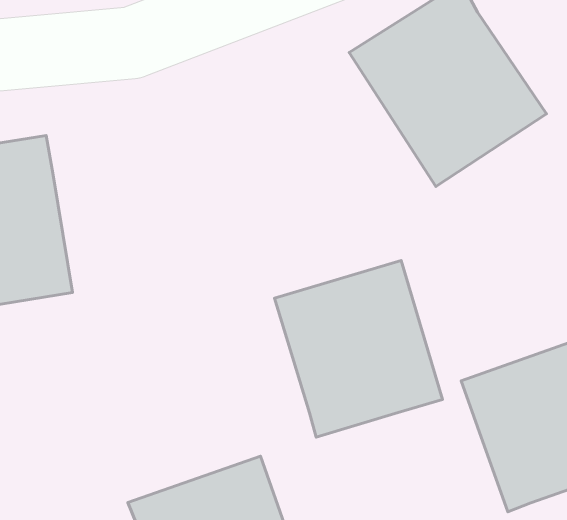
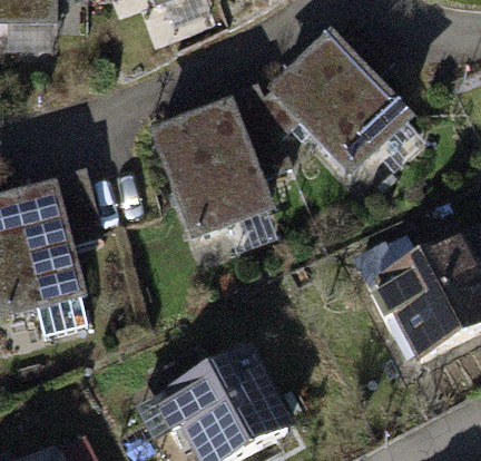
building: none -> [148,100,272,232]
building: [275,260,443,437] -> none

